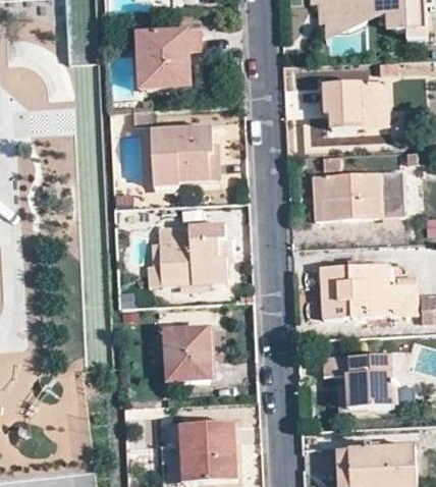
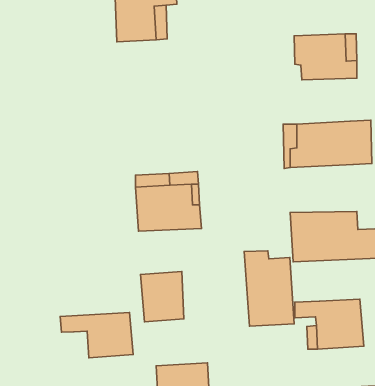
building: [152,126,221,185] -> none
building: none -> [244,251,294,326]
building: none -> [60,312,133,358]

